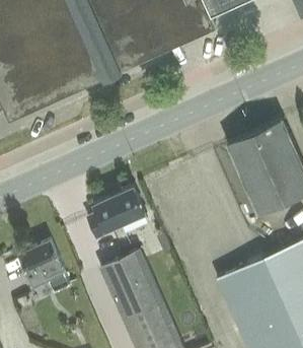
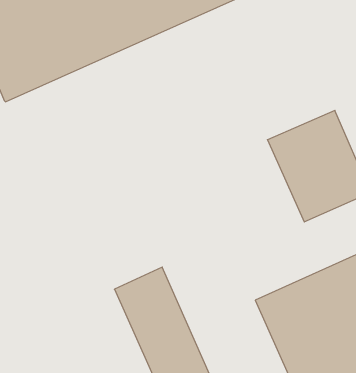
building: [87,188,145,236] -> none
building: [19,242,70,294] -> none

